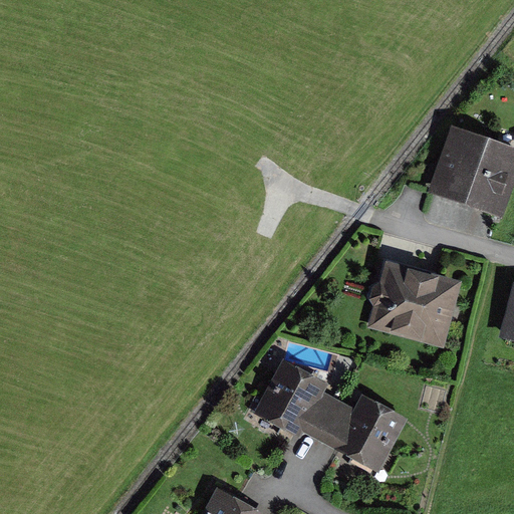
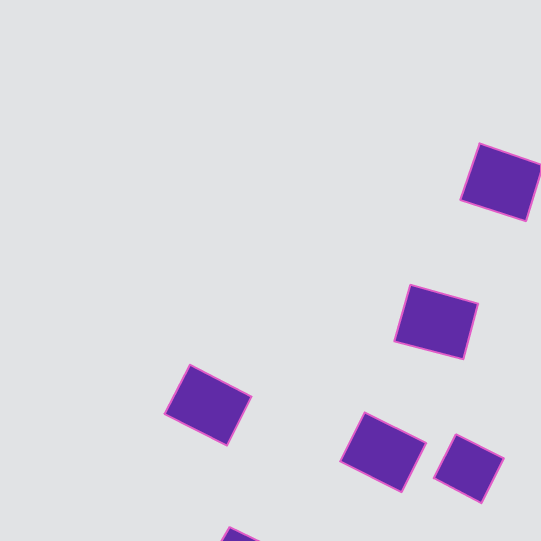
building: [262,361,344,438] -> [164,365,252,446]
building: none -> [434,434,504,503]

